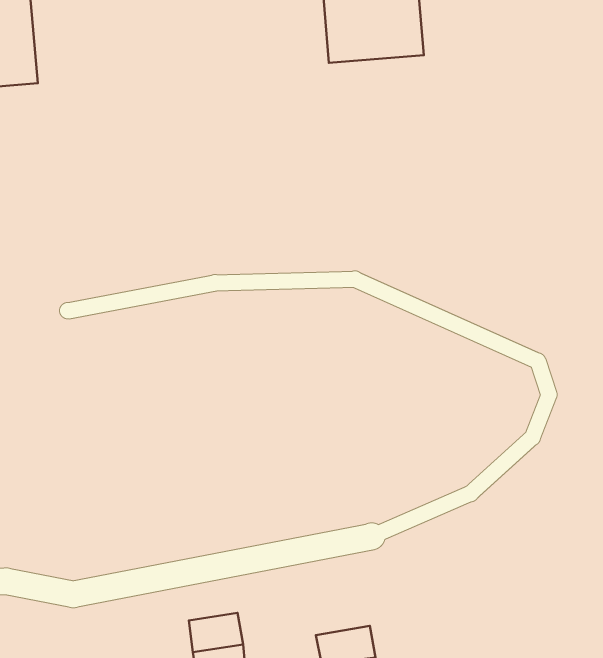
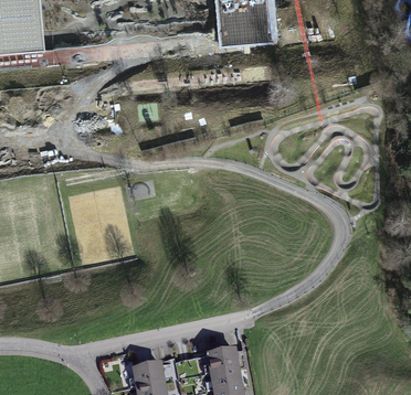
building: none -> [208,354,242,378]

